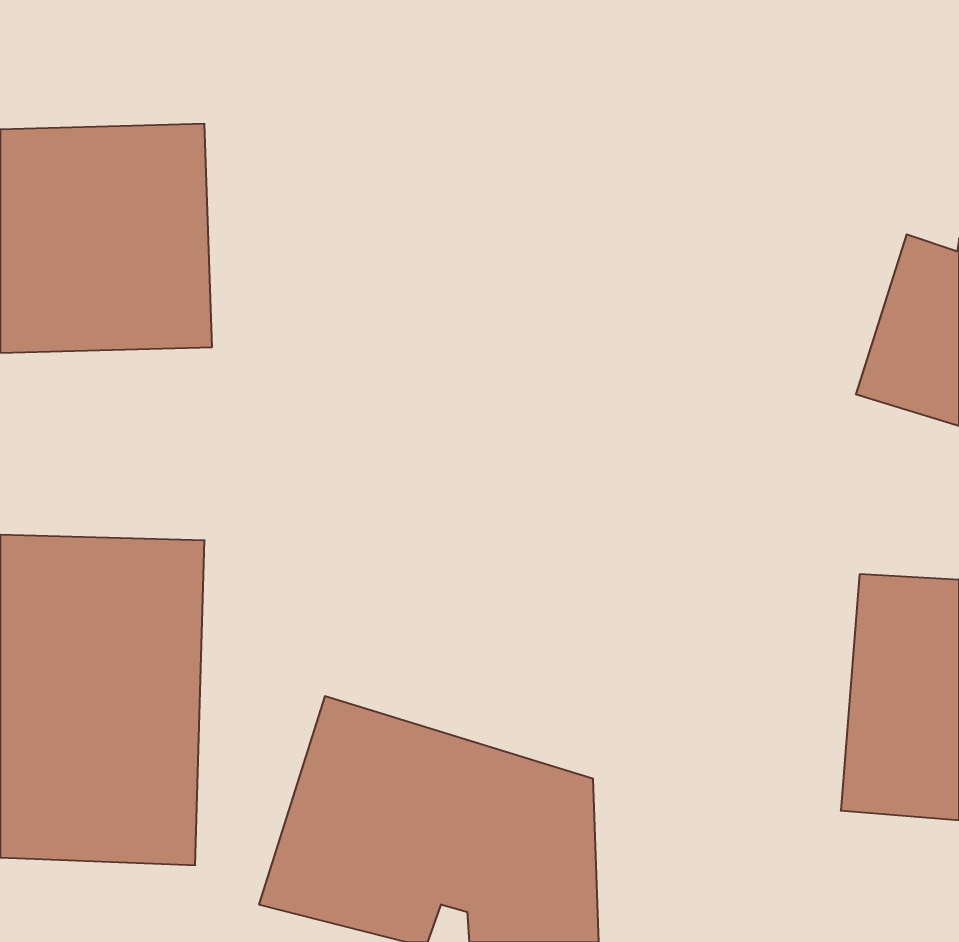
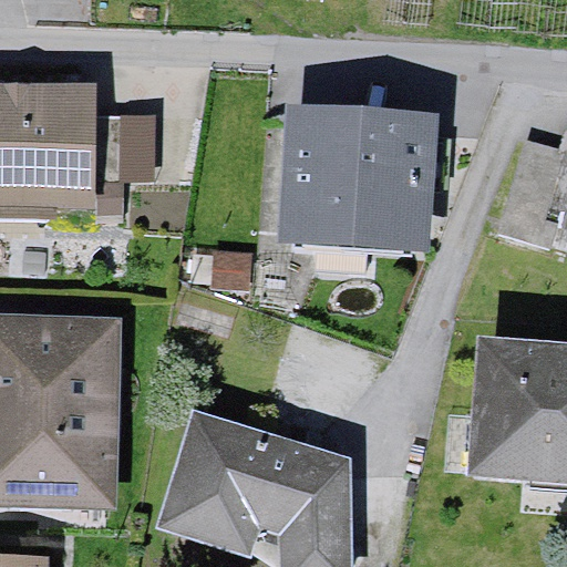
building: none -> [278,112,435,252]

